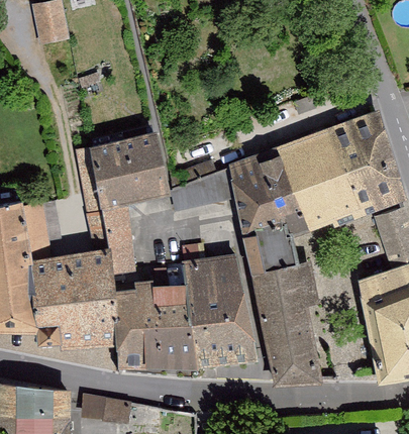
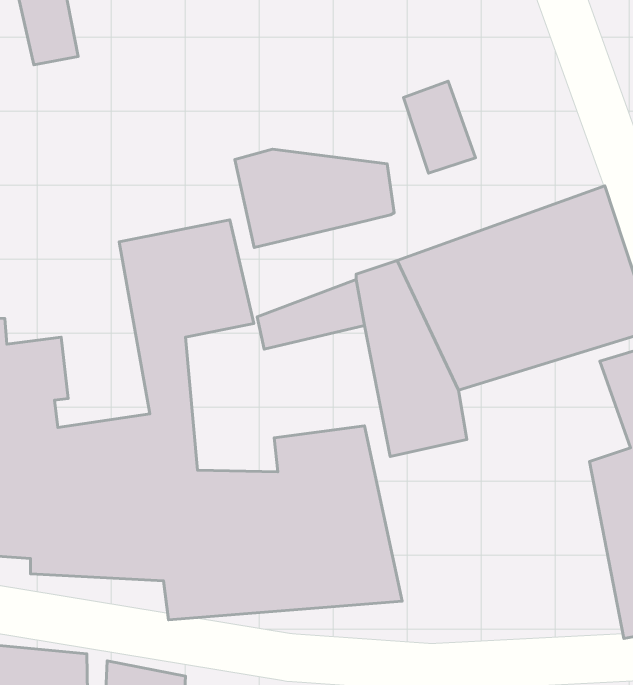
building: none -> [404,81,475,173]
building: none -> [235,149,394,248]
building: [250,264,319,383] -> none

